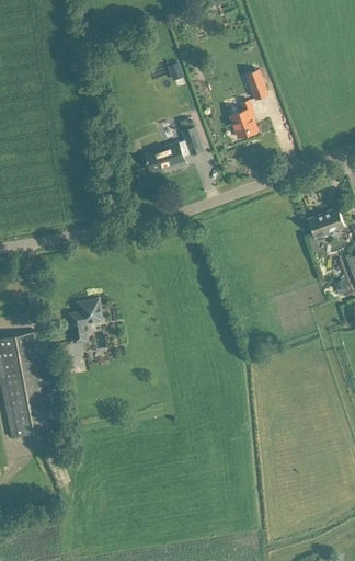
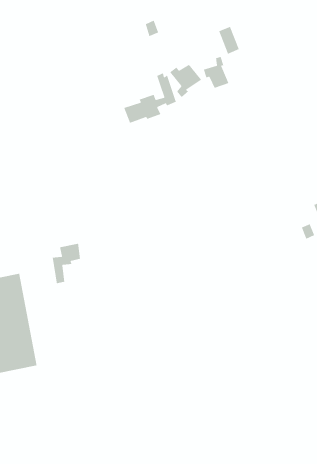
building: none -> [169,64,202,98]
building: [308,207,345,237] -> none

